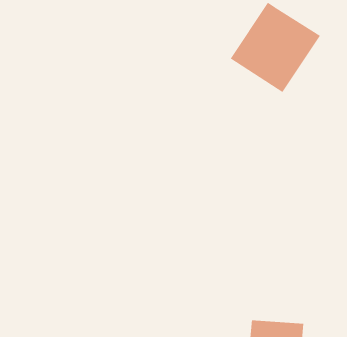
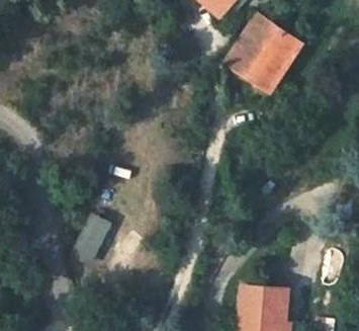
building: none -> [67,210,108,263]

